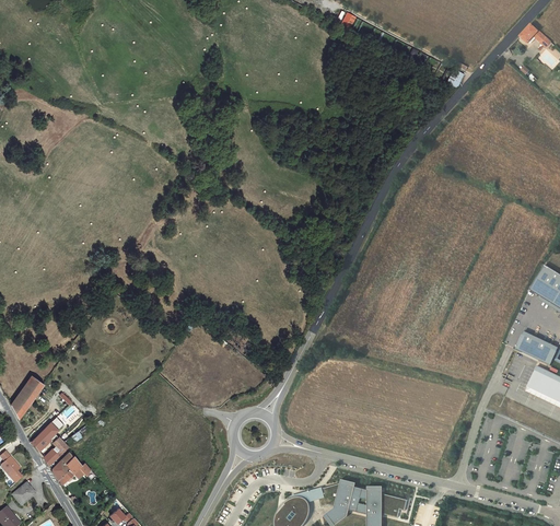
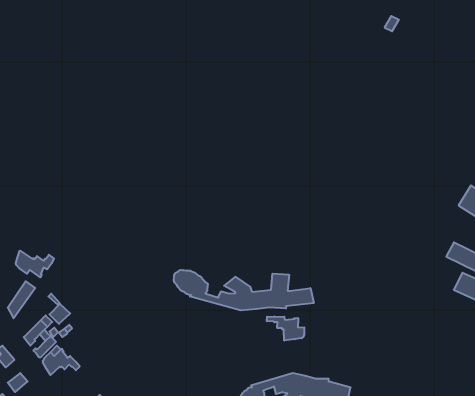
building: none -> [16,251,54,277]
building: none -> [174,270,314,310]
building: none -> [267,316,304,341]

